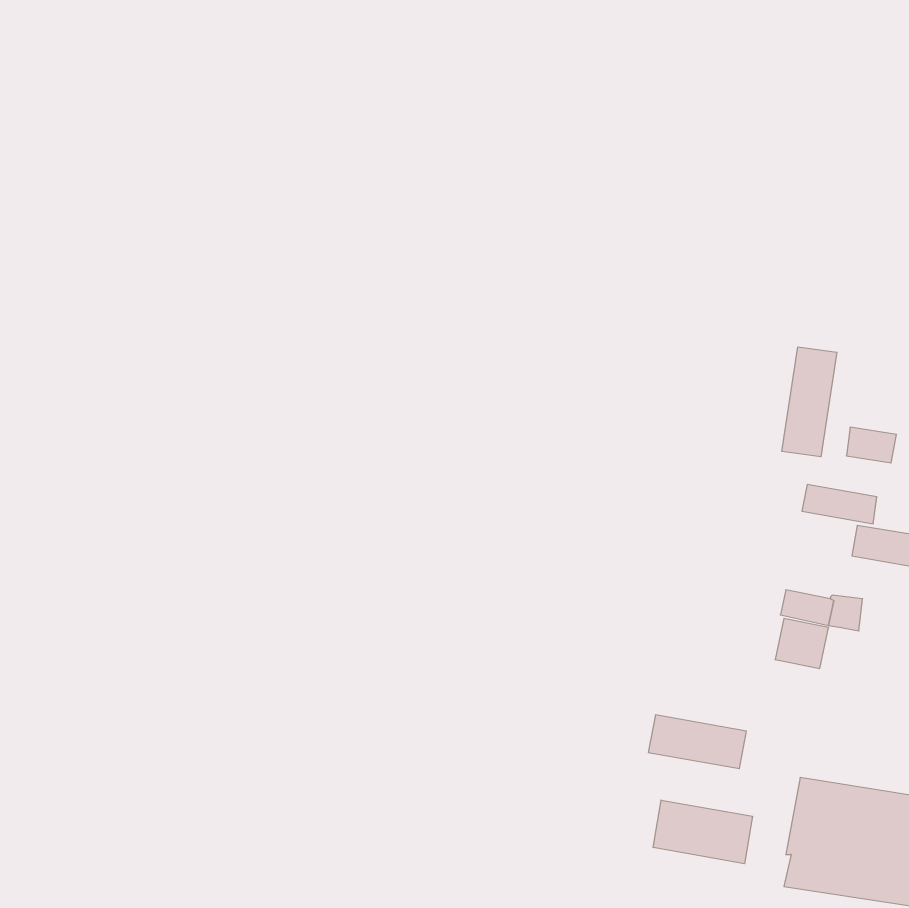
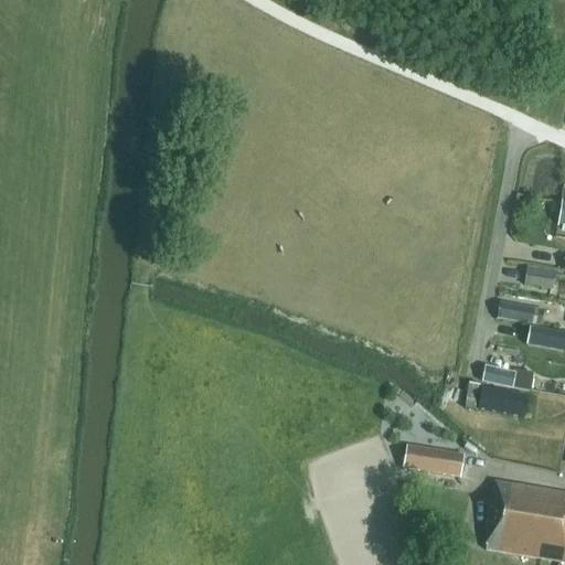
building: [782,347,837,457] -> none
building: [653,800,752,864] -> none

